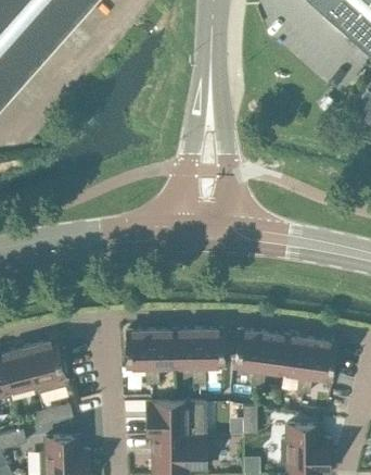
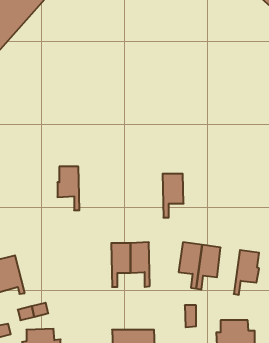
building: [197,330,223,385] -> [163,174,184,218]
building: [125,332,152,386] -> [57,167,79,210]
building: [282,337,310,395] -> none
building: [31,340,67,393] -> none
building: [146,404,204,439] -> none

